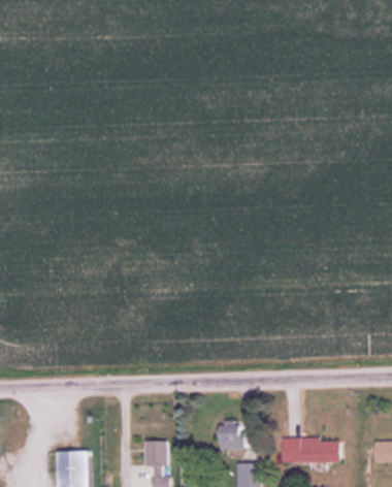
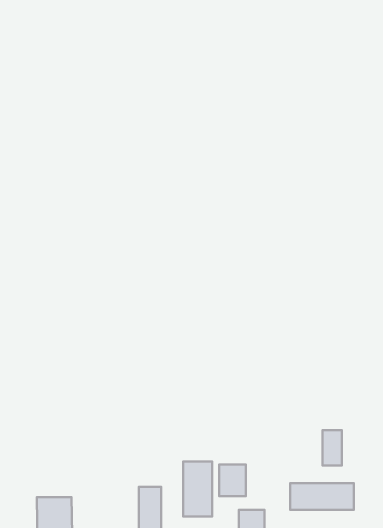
building: none -> [323,430,342,465]
building: none -> [183,461,212,517]

